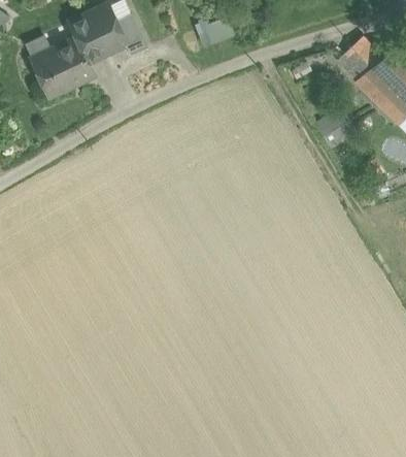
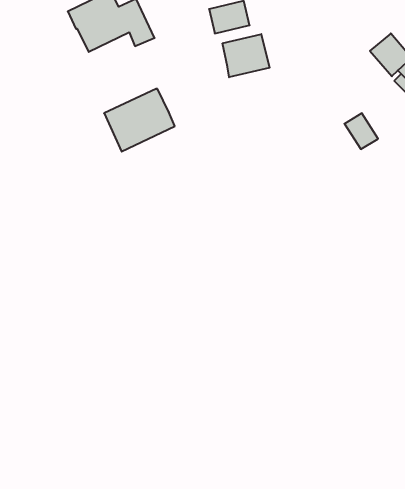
building: [31,40,94,96] -> [104,89,175,152]
building: none -> [223,34,270,77]

